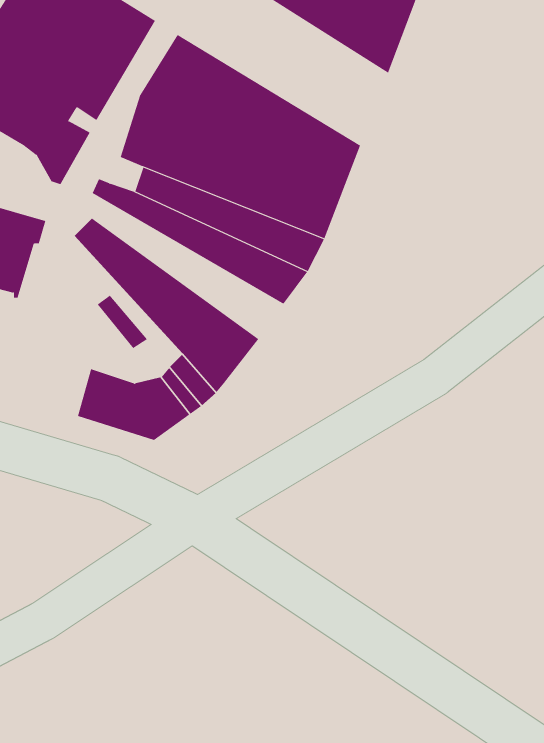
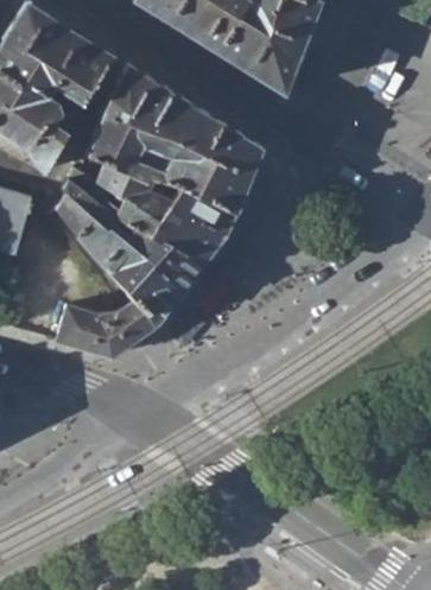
building: none -> [63,180,207,286]

